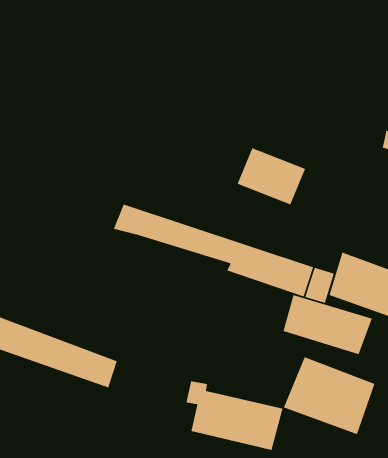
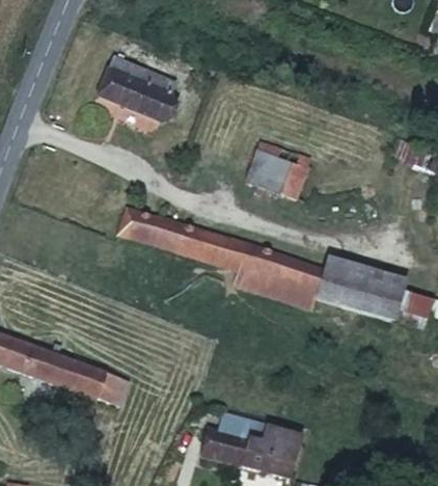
building: none -> [102,62,179,125]
building: [283,294,373,355] -> none
building: [283,356,375,435] -> none

